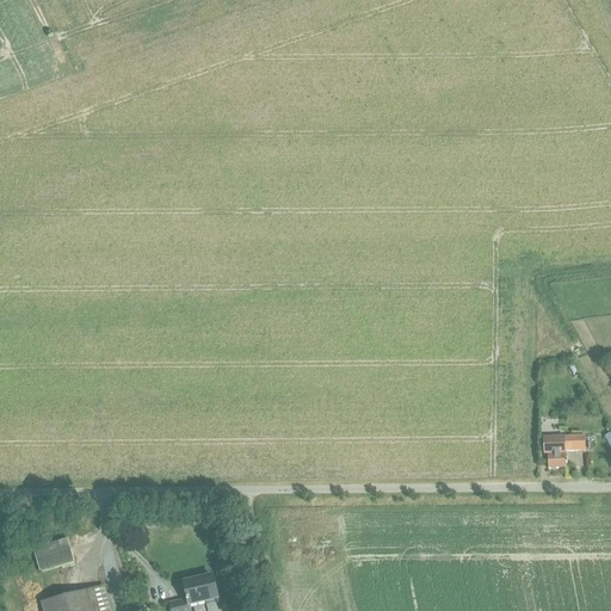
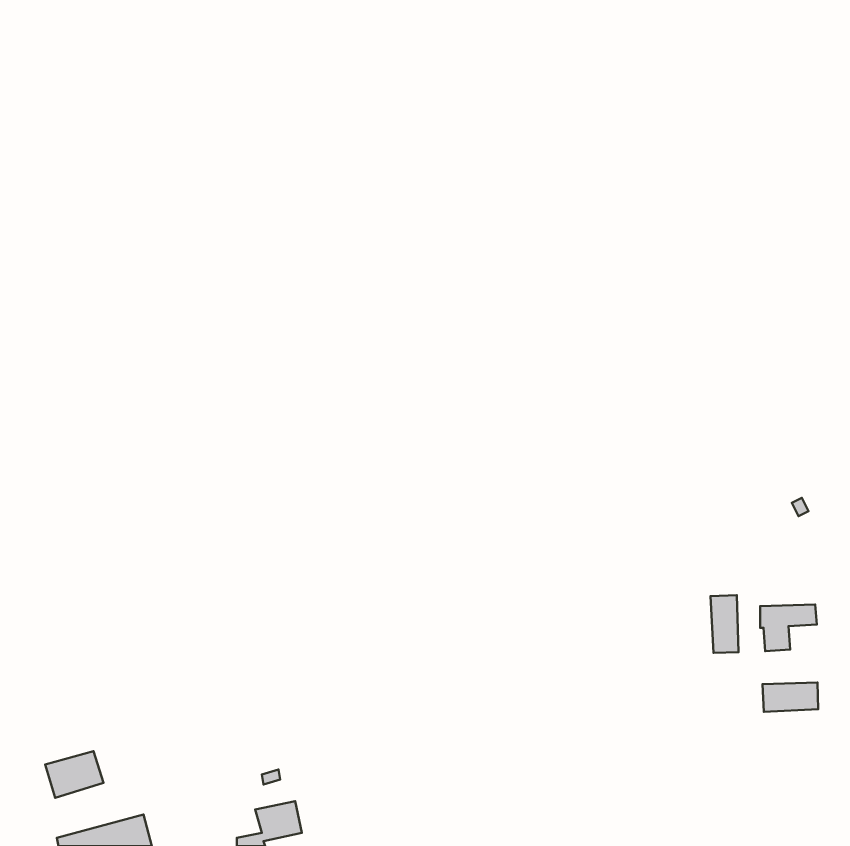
building: none -> [710,595,739,653]
building: none -> [763,682,818,712]

